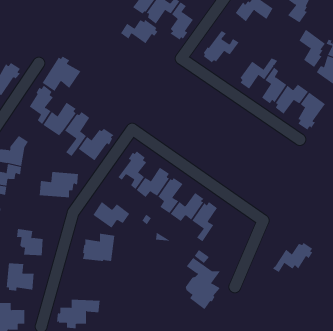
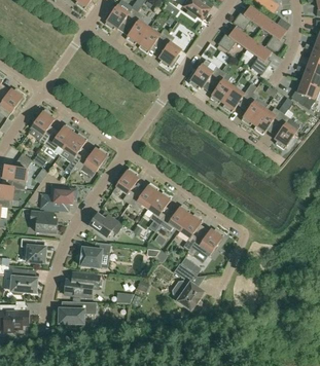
building: [120,19,158,44] -> none
building: [299,29,326,68] -> [246,39,271,74]
building: none -> [209,70,233,104]
building: [42,56,81,92] -> none
building: none -> [30,211,57,233]
building: [272,242,313,273] -> [186,228,223,256]
building: none -> [64,271,99,297]

